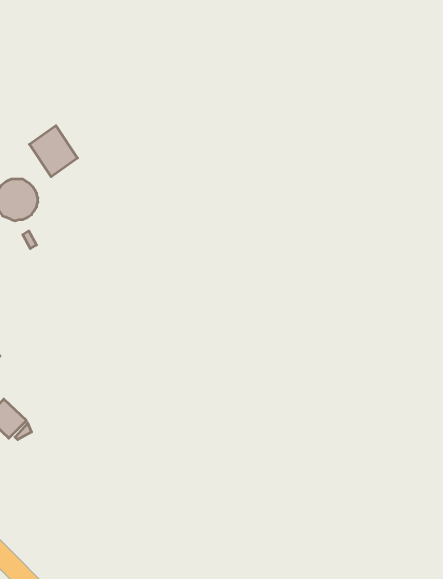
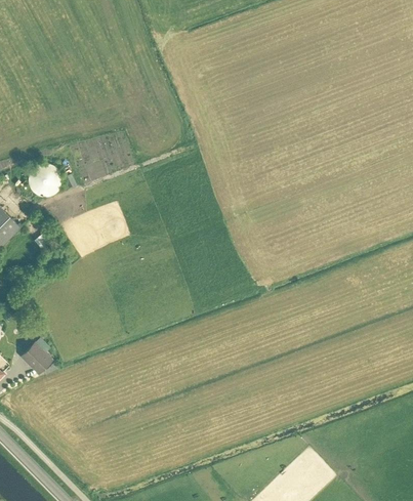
building: [29,126,78,177] -> none

